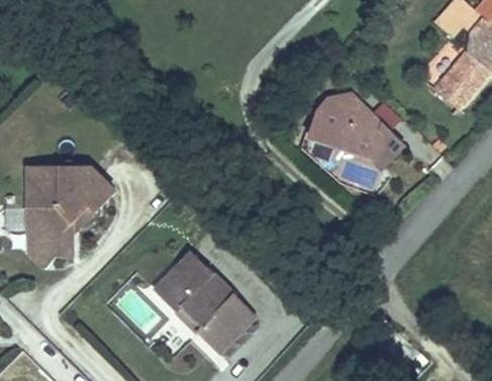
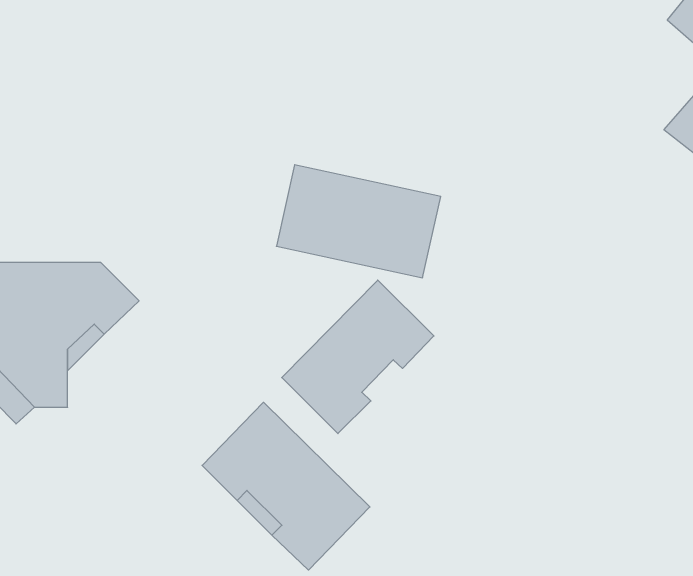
building: [304,98,404,167] -> [276,165,441,278]
building: none -> [282,280,434,434]

